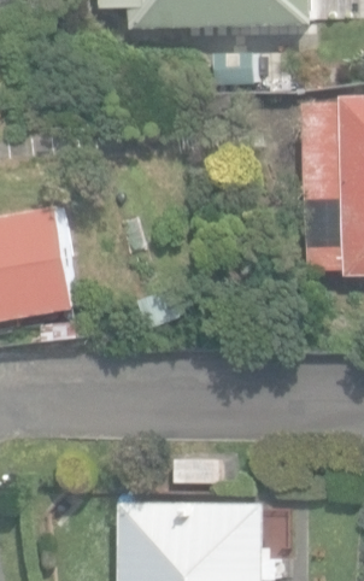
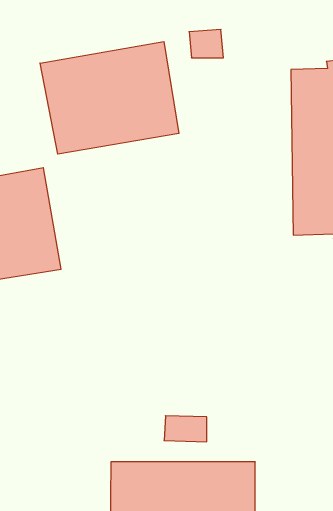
building: none -> [40,42,179,154]

